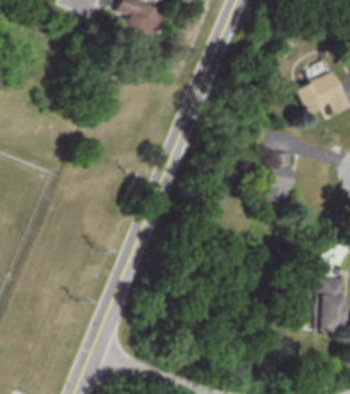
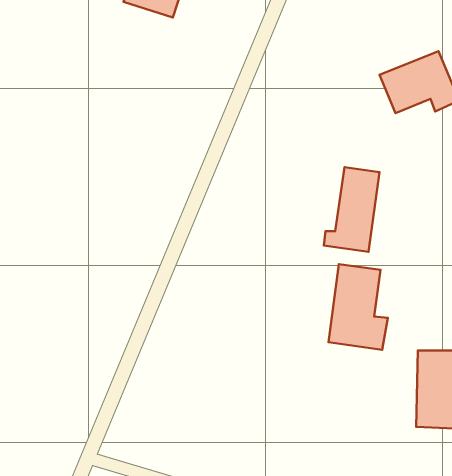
building: none -> [329,264,388,350]

